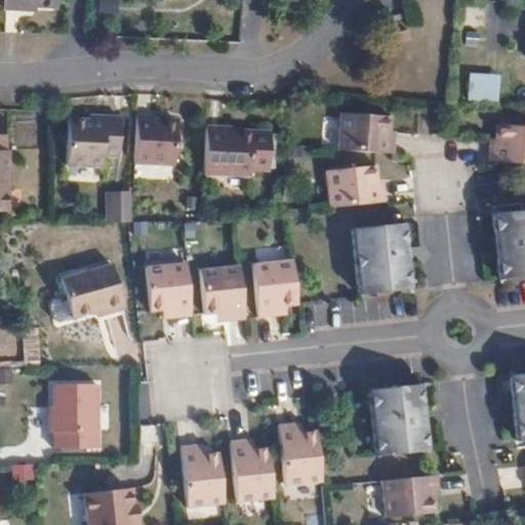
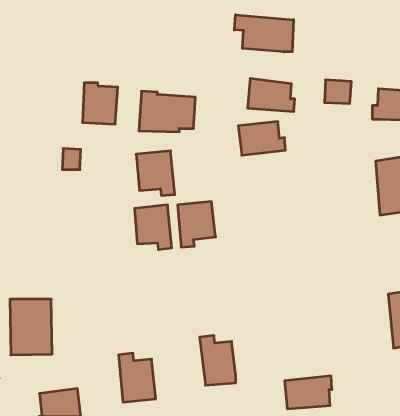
building: none -> [234,15,294,52]
building: [468,71,500,99] -> [325,80,351,103]
building: [69,118,122,169] -> none
building: [351,221,408,291] -> none
building: [145,262,192,317] -> [136,151,175,195]
building: [63,265,125,320] -> none
building: [369,386,428,455] -> none
building: [231,441,275,499] -> none

